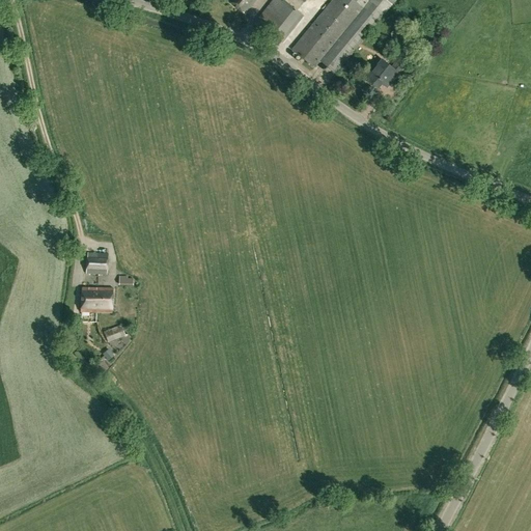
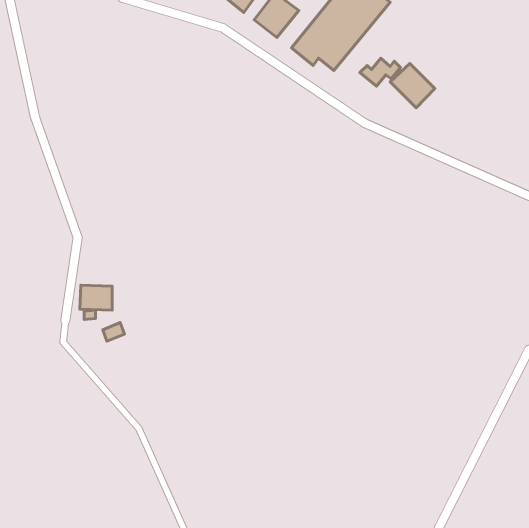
building: none -> [390,64,435,108]
building: [85,251,108,272] -> none

